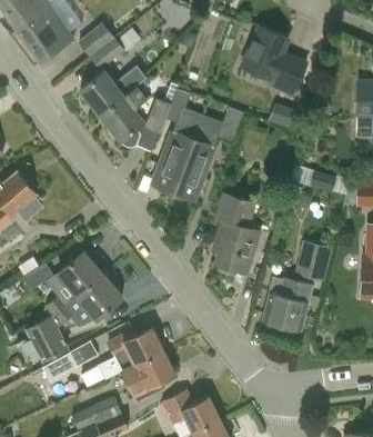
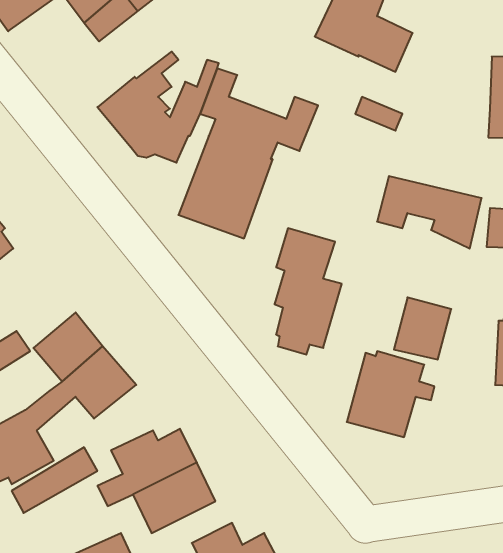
building: [79,67,147,115] -> none

